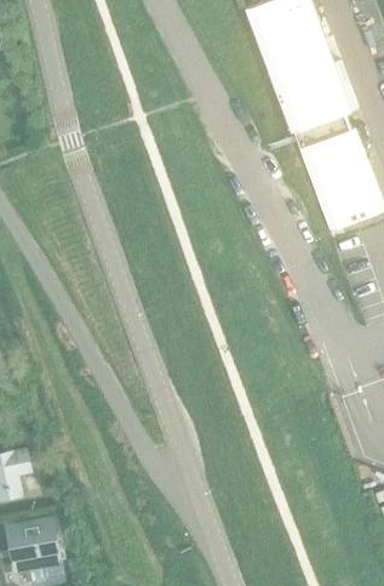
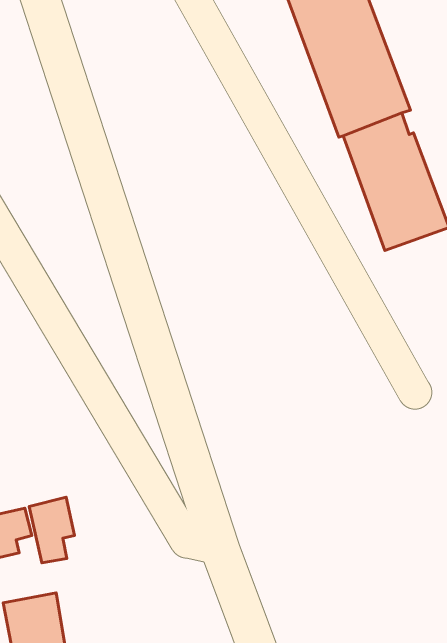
building: none -> [29,497,74,563]

